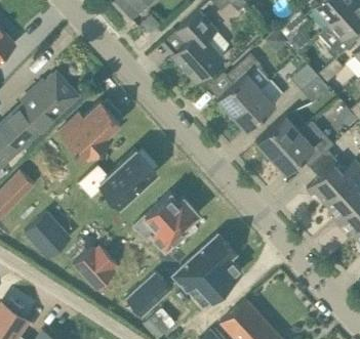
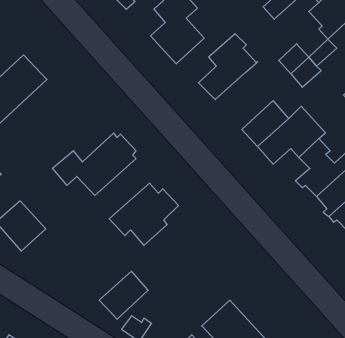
building: [232,90,275,132] -> none
building: [59,102,120,160] -> none
building: [172,236,241,307] -> none
building: [75,246,118,289] -> none

